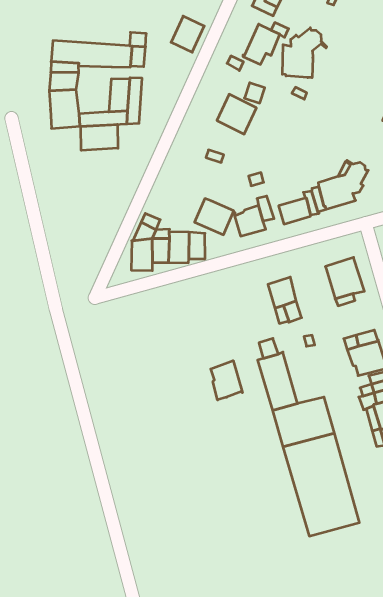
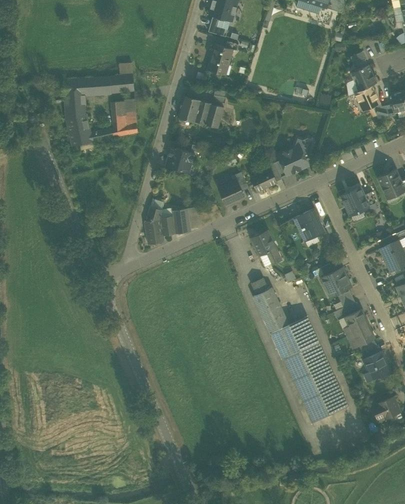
building: [171,16,204,52] -> [178,95,201,121]
building: [282,28,327,78] -> none
building: [81,124,118,150] -> none
building: [195,199,234,235] -> [166,147,194,172]
building: [211,361,242,400] -> none

